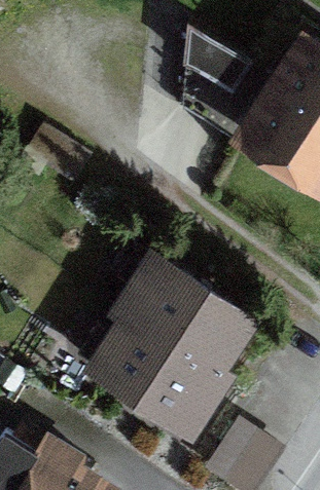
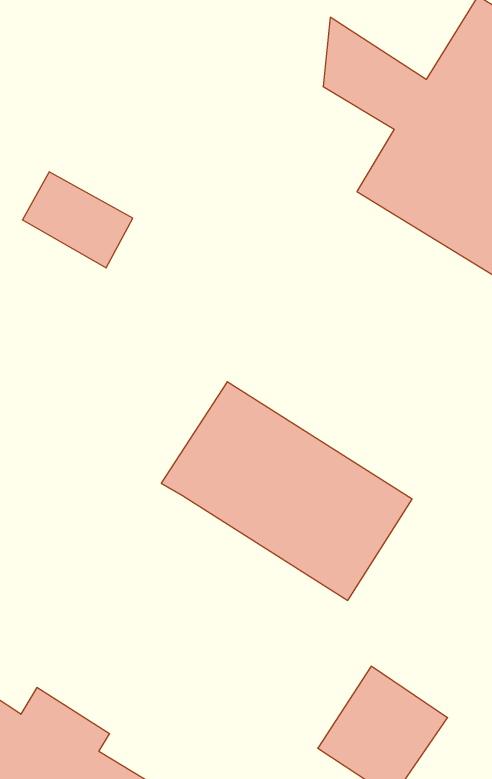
building: [91,319,230,443] -> none

